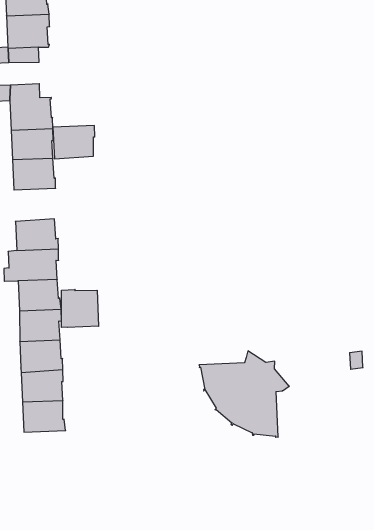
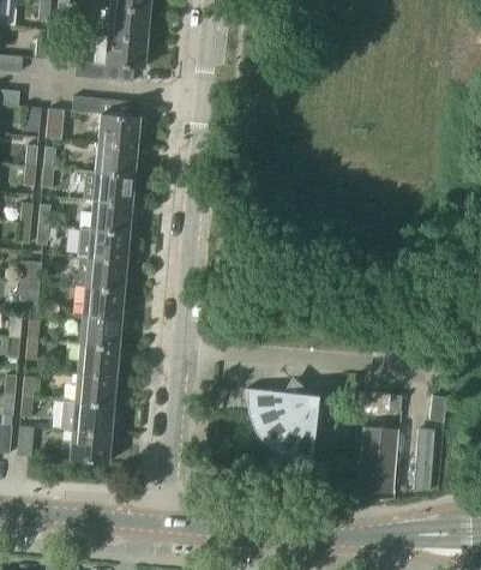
building: [53,126,95,159] -> [91,199,133,232]
building: [61,289,99,327] -> none
building: none -> [354,418,401,491]
building: none -> [70,430,113,462]

